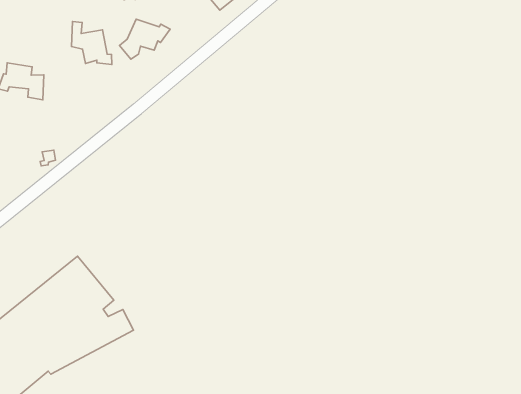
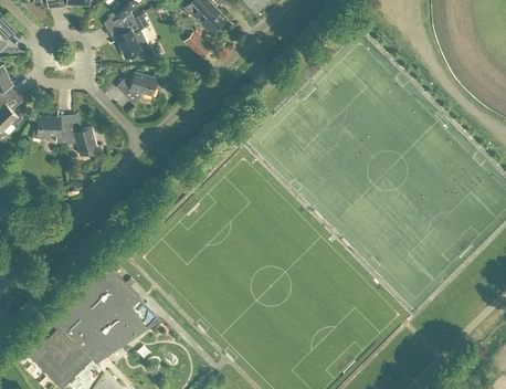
building: [72,21,112,64] -> [67,124,102,156]

